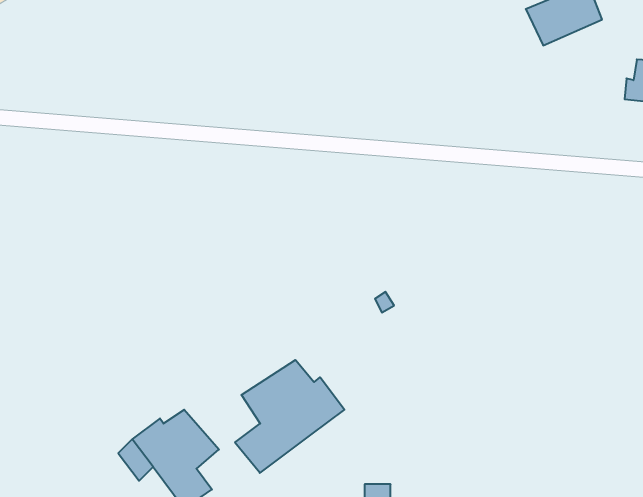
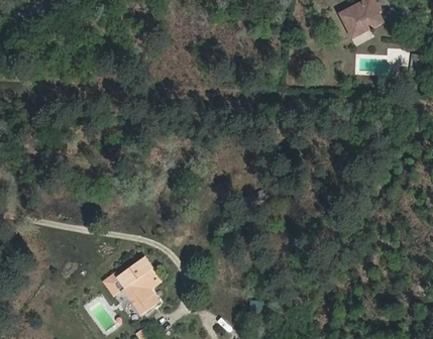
building: [235,360,344,473] -> none

